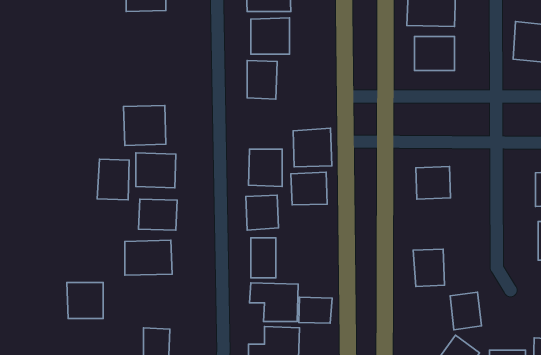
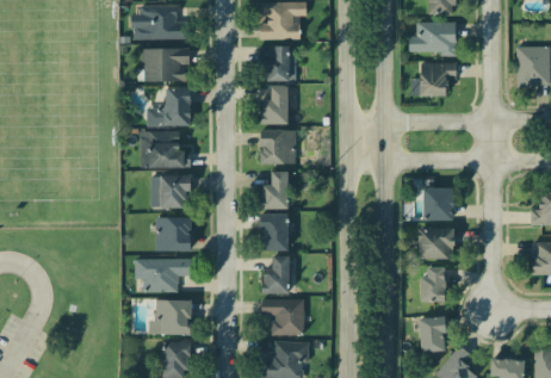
building: none -> [144,47,188,83]
building: none -> [149,87,187,123]
building: [293,128,332,167] -> [260,128,297,165]
building: [97,159,129,200] -> none
building: [291,172,327,205] -> none
building: none -> [417,225,456,258]
building: [67,282,103,319] -> [157,298,192,333]
building: [450,292,481,330] -> [417,316,447,352]
building: [299,297,332,323] -> none

